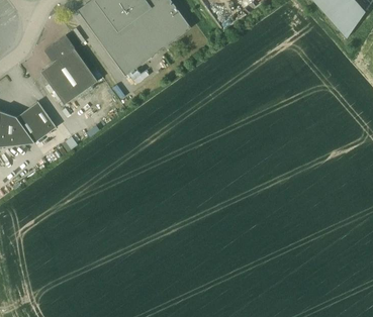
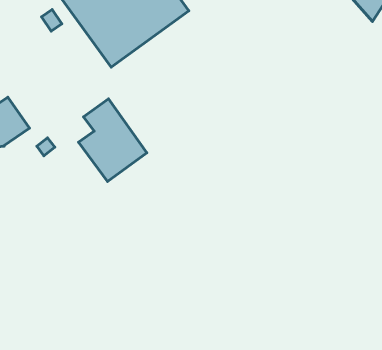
building: [40,35,98,105] -> [79,99,147,182]

